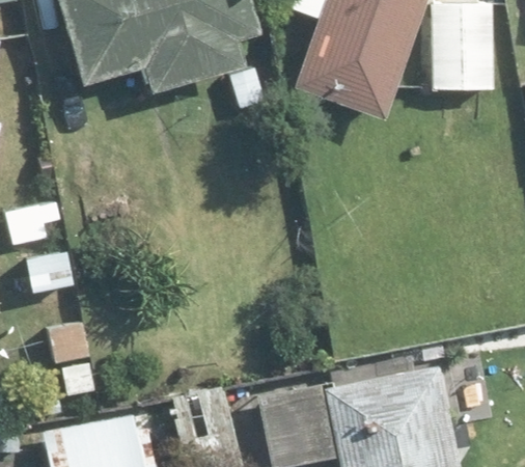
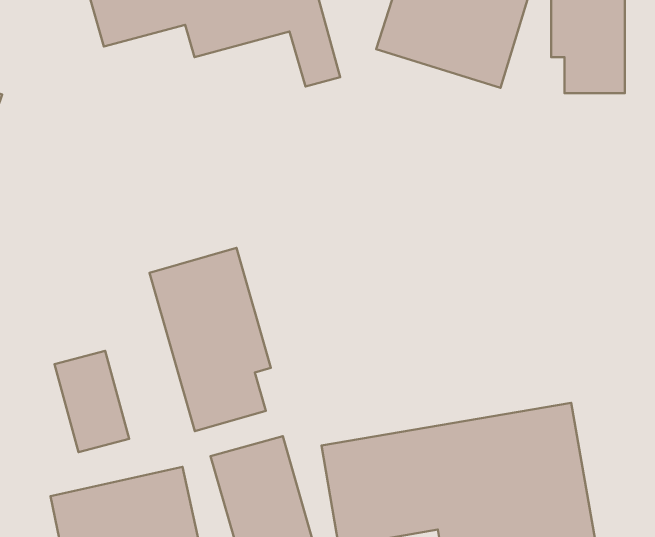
building: none -> [150,248,271,431]

